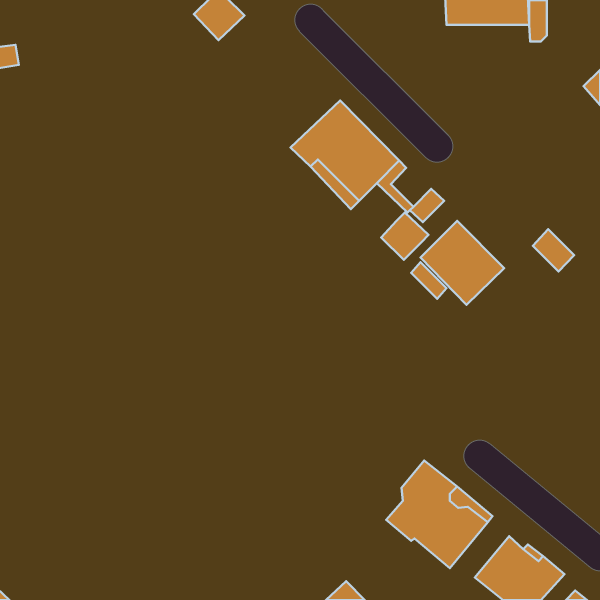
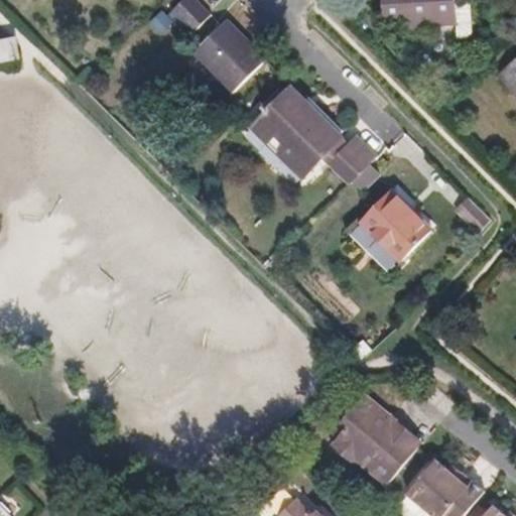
building: none -> [194,20,264,90]
building: [381,213,428,260] -> [334,136,374,176]

